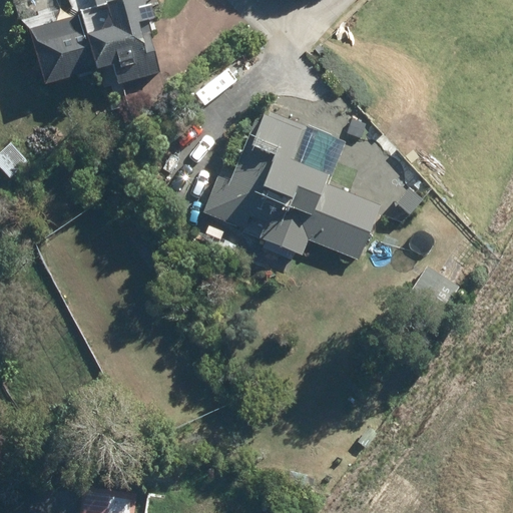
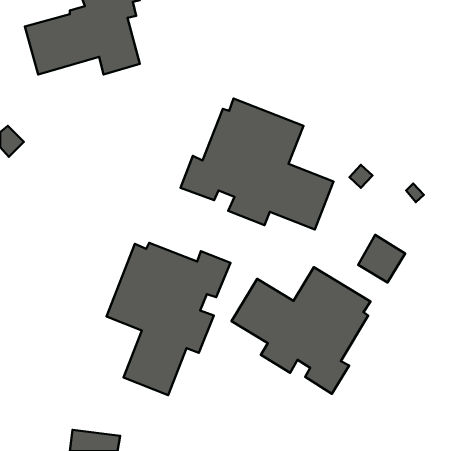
building: none -> [106,243,230,395]
building: none -> [231,267,370,394]

